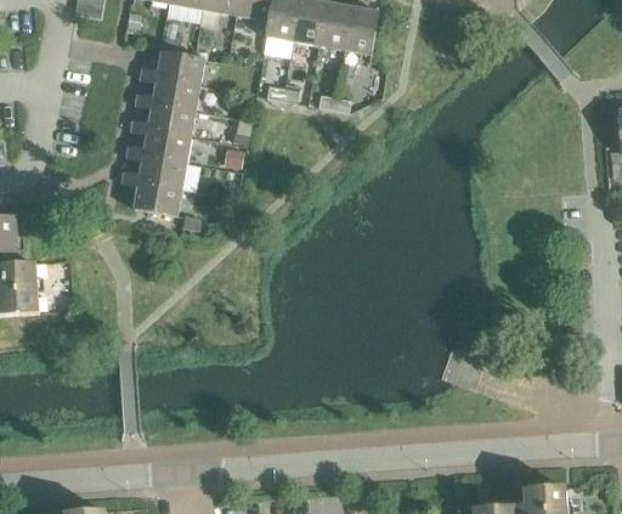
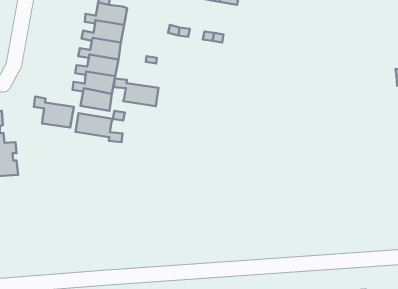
building: none -> [114,79,158,106]
building: none -> [34,97,74,128]
building: none -> [76,113,123,142]

